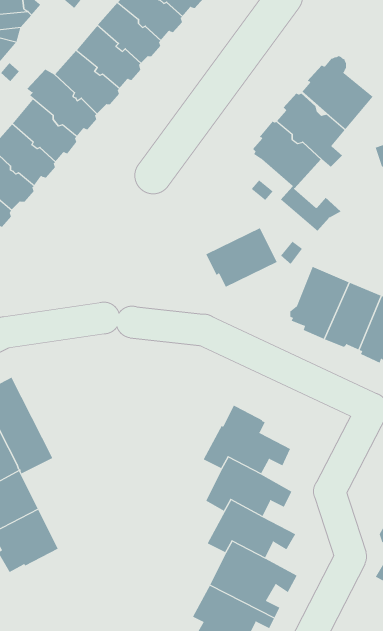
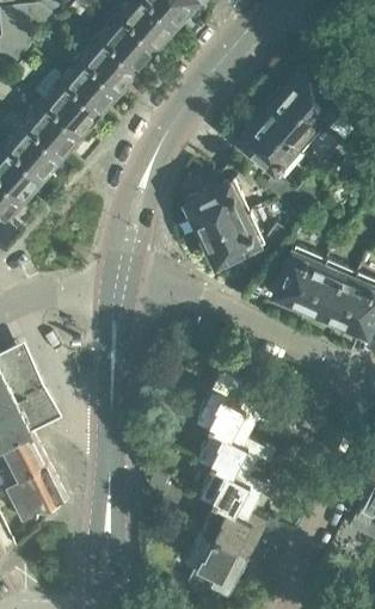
building: none -> [186,182,247,236]

